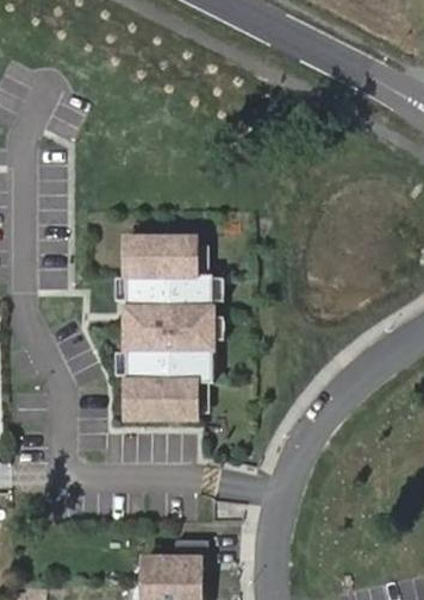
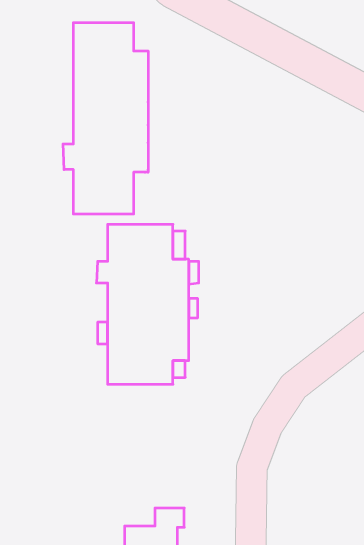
building: none -> [63,23,148,214]

